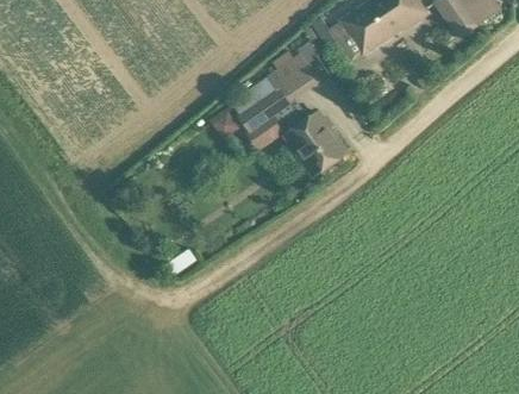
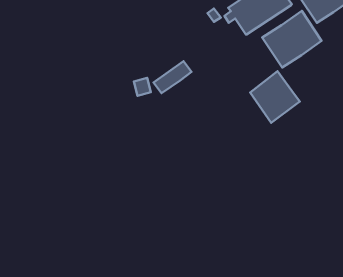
building: none -> [262,11,322,67]
building: [283,108,350,177] -> [250,71,300,123]

